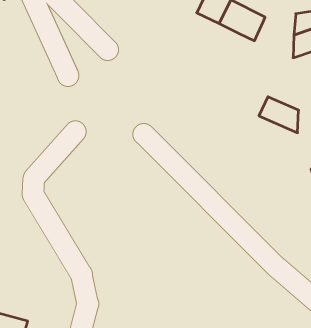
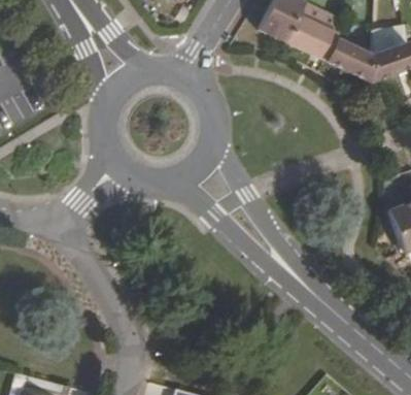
building: [259,97,299,133] -> [326,39,371,80]

